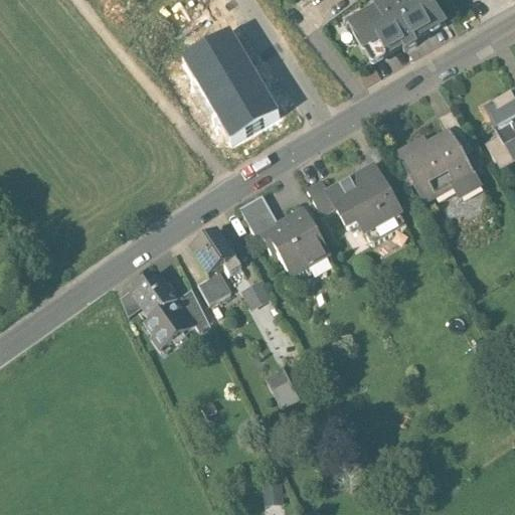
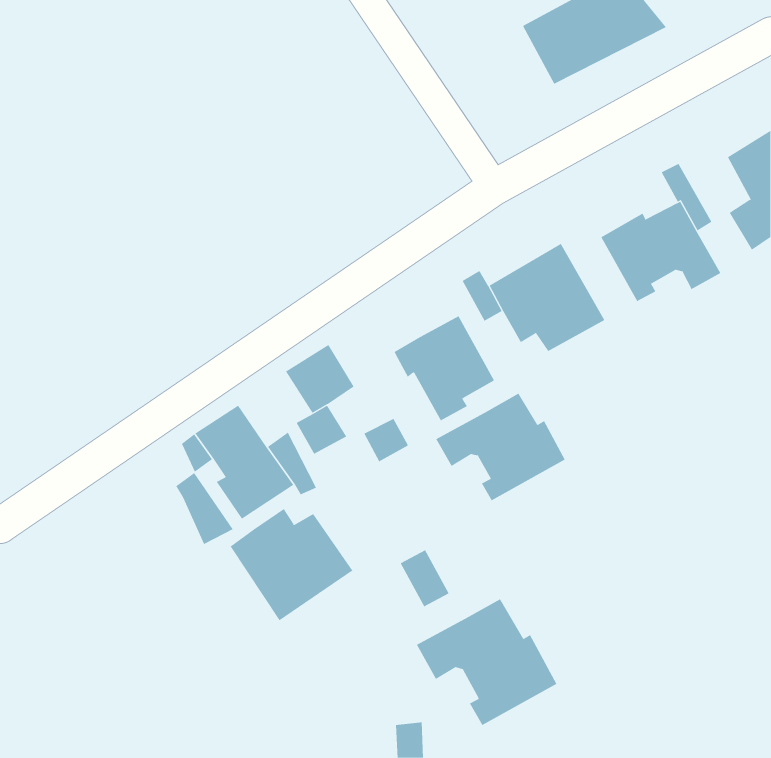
building: [183,30,280,142] -> none
building: [240,194,280,239] -> none
building: none -> [436,393,566,501]
building: none -> [175,472,233,545]
building: none -> [230,508,353,621]
building: none -> [416,599,557,726]

